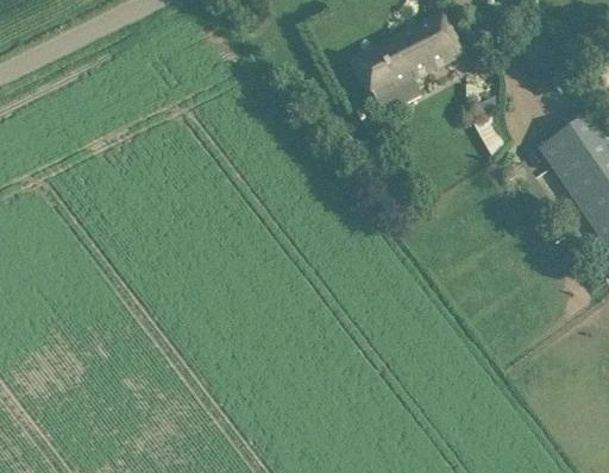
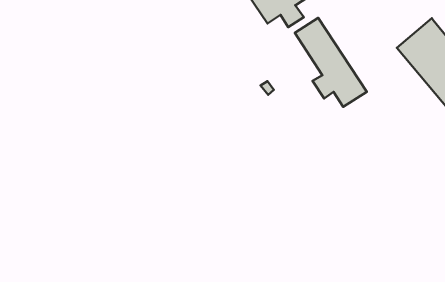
building: none -> [295,18,367,107]

